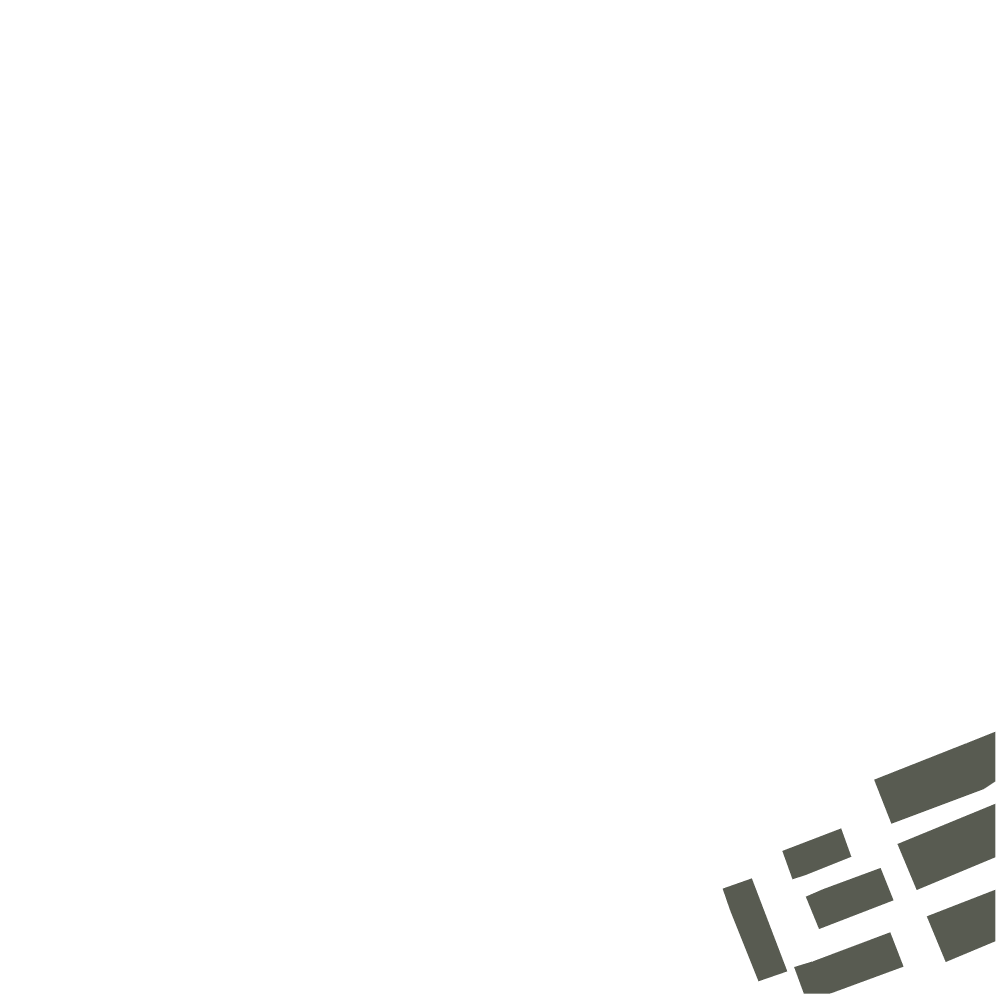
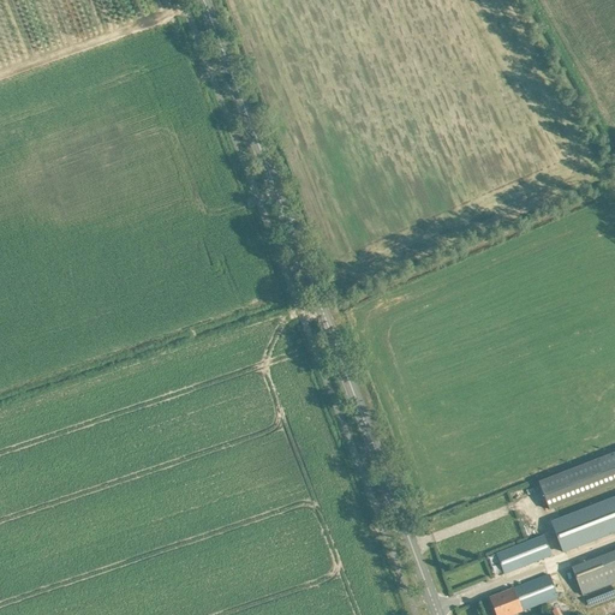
building: [782,828,852,880] -> none
building: [722,878,788,982] -> none

